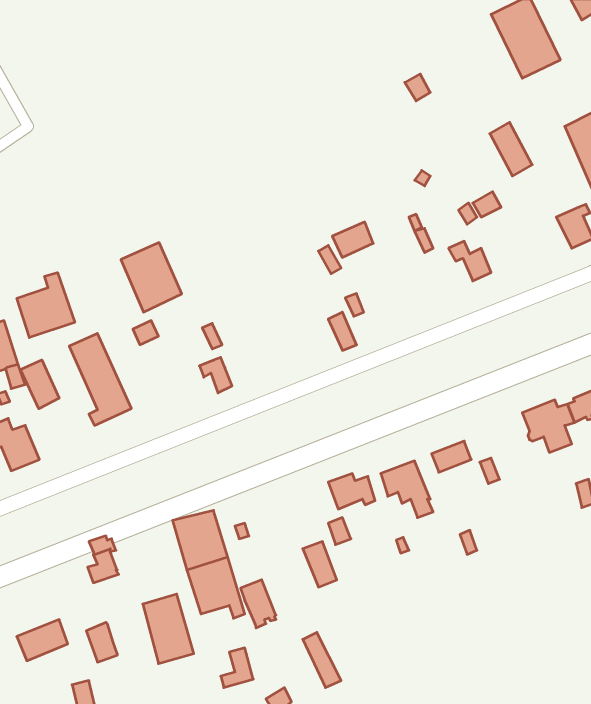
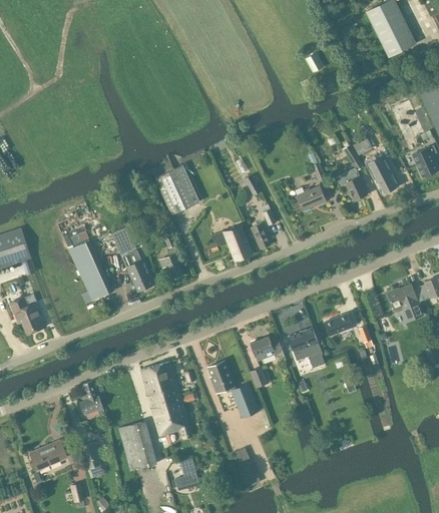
building: [490,122,532,176] -> [367,155,397,193]
building: [332,222,373,257] -> [296,185,325,210]
building: [121,243,182,312] -> [155,164,198,213]
building: [17,273,75,338] -> none
building: none -> [223,223,253,261]
building: none -> [122,250,154,291]
building: [21,360,59,409] -> none
building: [241,580,276,628] -> [209,360,235,394]

